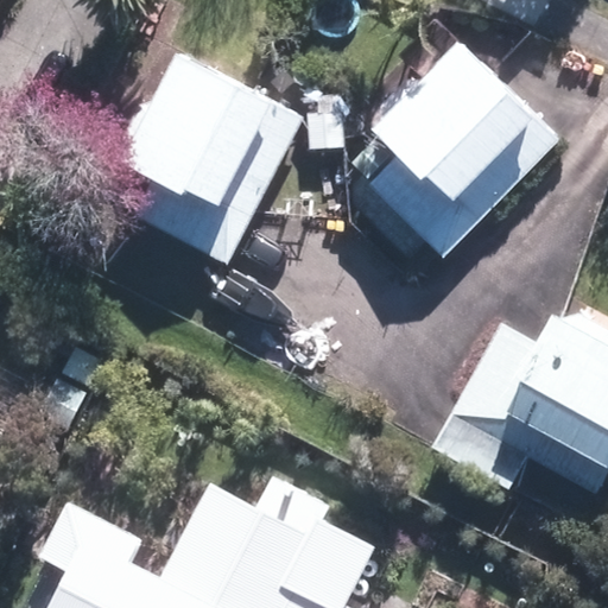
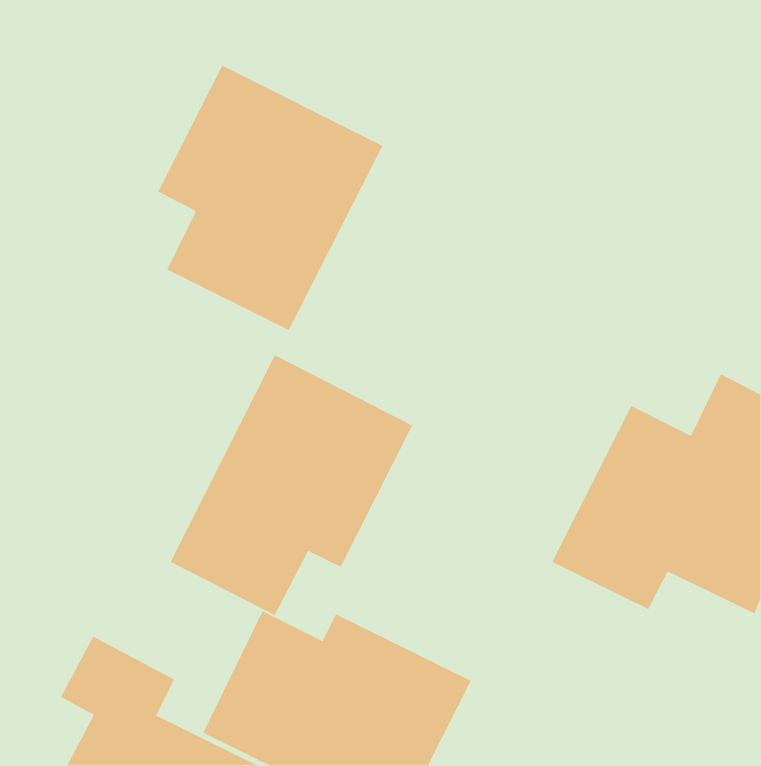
building: [355,42,557,258] -> none
building: none -> [170,354,413,616]

